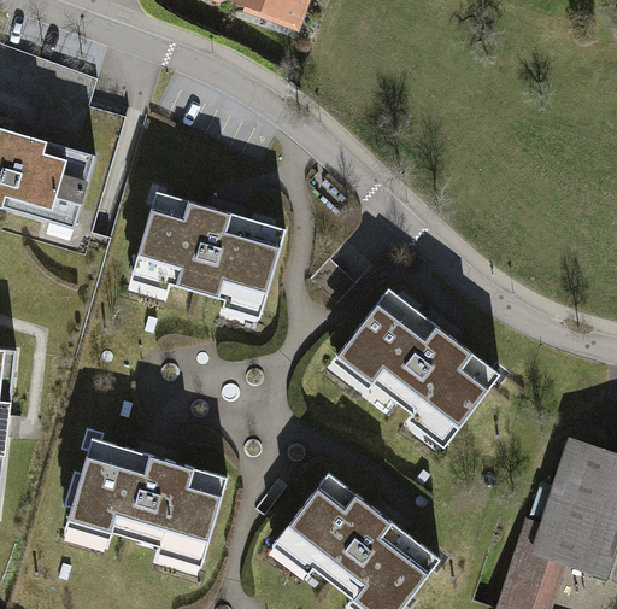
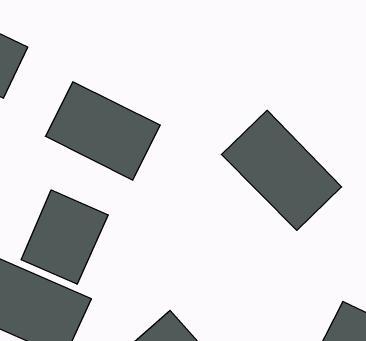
building: [336,291,501,444] -> [221,110,342,230]
building: none -> [21,190,108,284]

